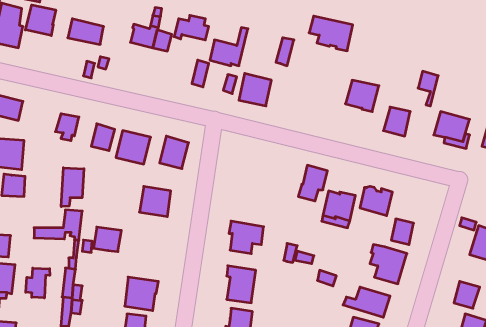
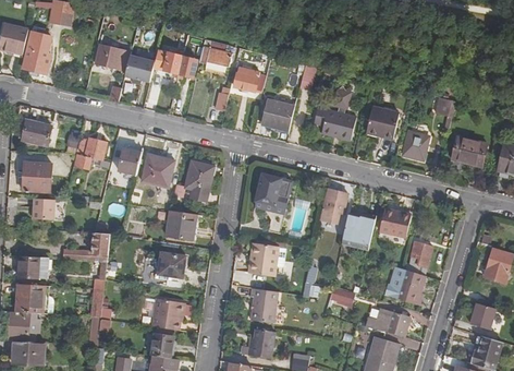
building: [25,5,56,36] -> none
building: [309,16,353,51] -> [311,107,354,141]
building: none -> [125,57,155,82]
building: none -> [255,175,293,231]
building: [61,168,84,207] -> none
building: [93,227,121,252] -> [157,253,184,277]
building: [26,268,50,298] -> none

